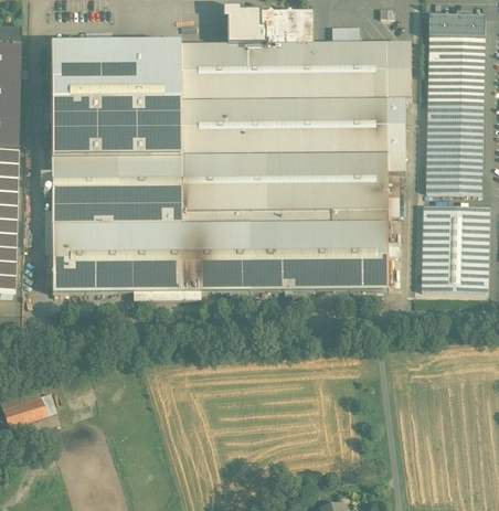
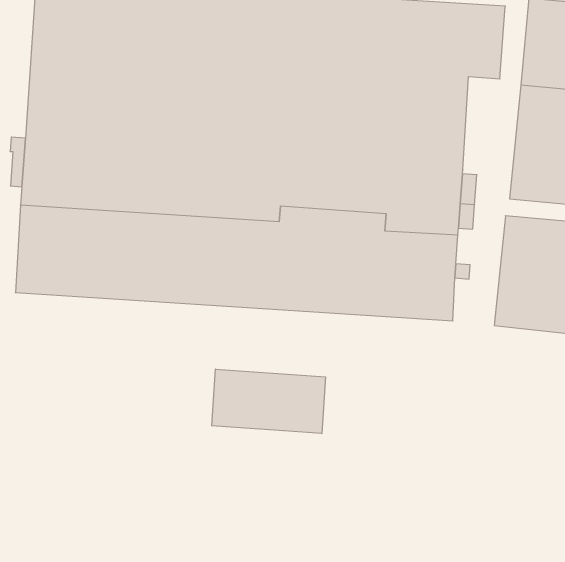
building: [389,97,407,169] -> none
building: none -> [212,369,325,434]

